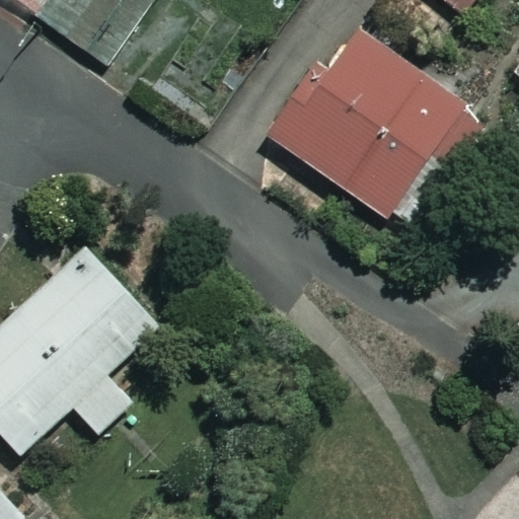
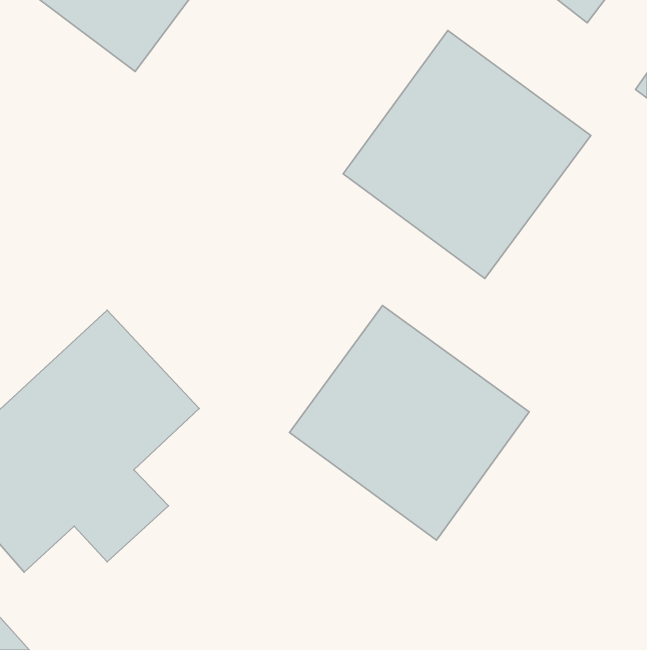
building: none -> [290,305,529,540]

